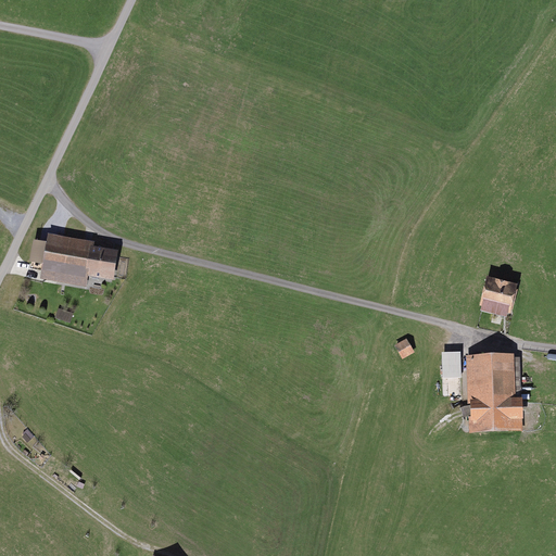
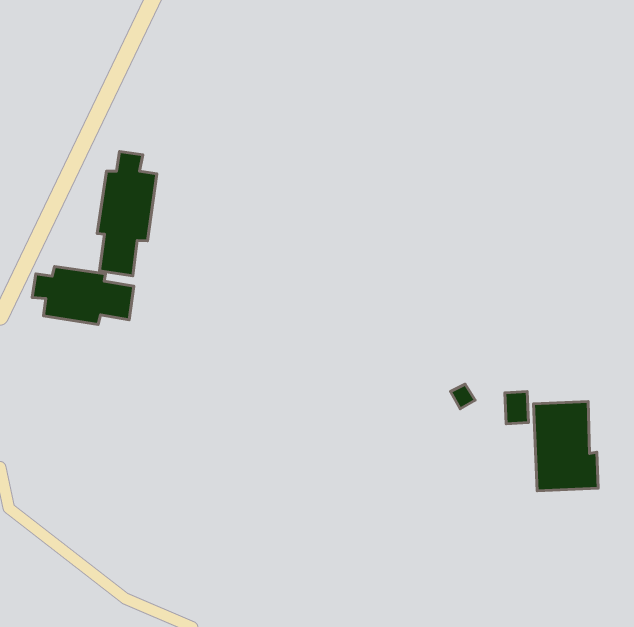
building: none -> [97,152,157,276]
building: [479,276,518,317] -> none

